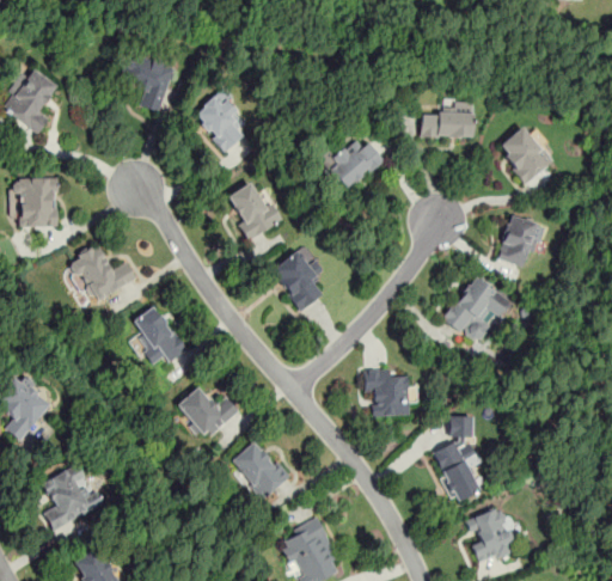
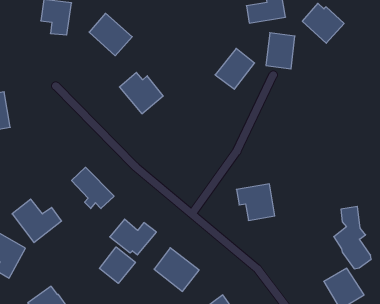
building: [325,135,384,192] -> [215,48,255,89]
building: [496,214,544,270] -> [266,33,295,69]
building: [69,243,137,305] -> [12,199,62,243]
building: [269,246,324,312] -> none
building: [441,275,510,347] -> none
building: [433,416,481,503] -> [334,206,371,269]
building: none -> [99,247,135,283]

